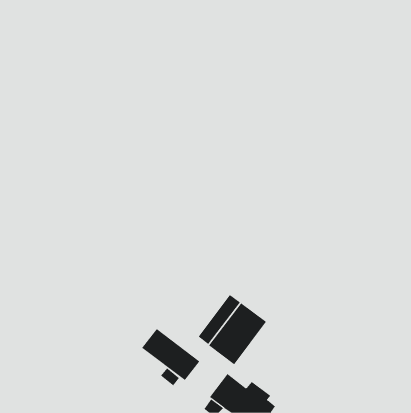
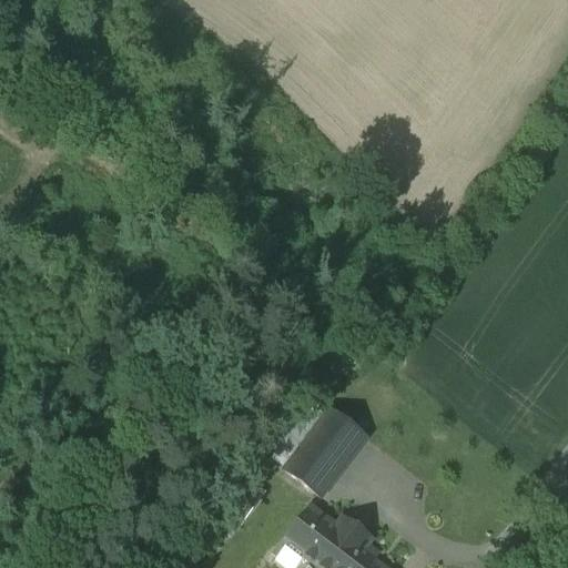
building: [142,328,200,381] -> none

